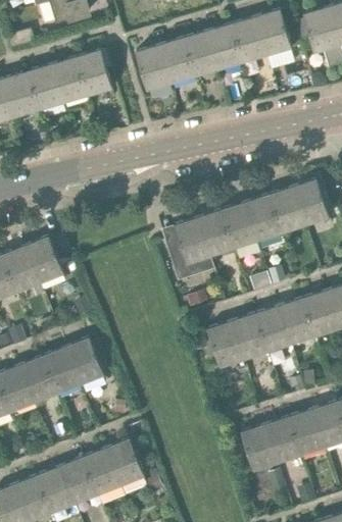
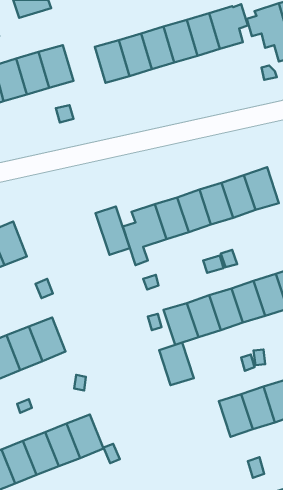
building: none -> [96,207,130,255]
building: [241,425,278,470] -> [159,342,194,385]

